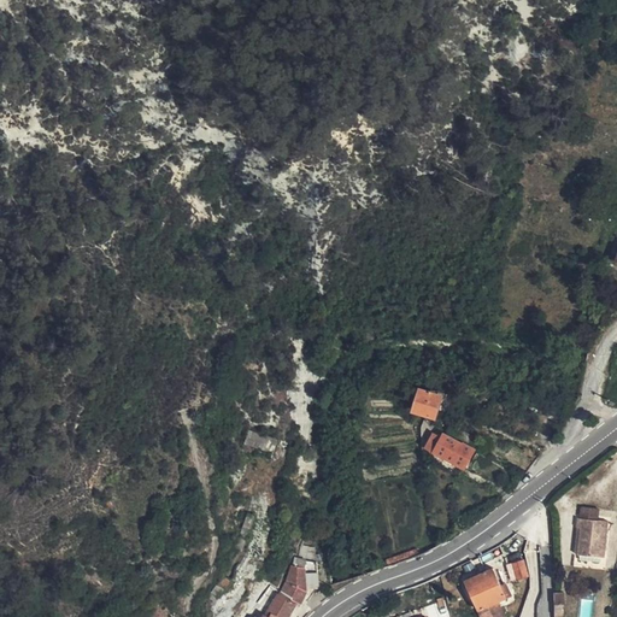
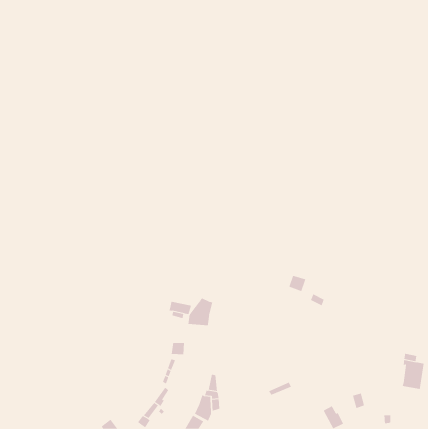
building: none -> [188,298,213,326]
building: [423,433,469,463] -> none
building: [463,571,510,607] -> none

